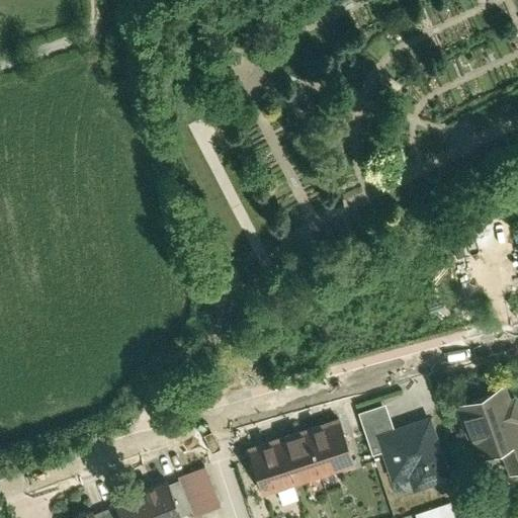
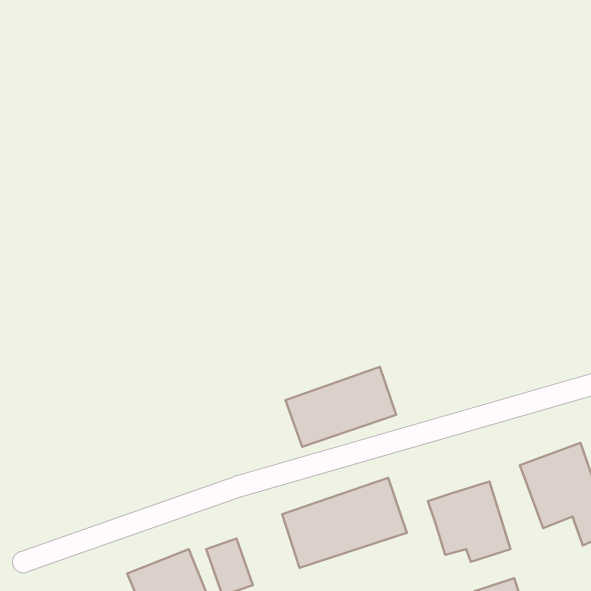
building: none -> [286,367,396,447]
building: [358,408,394,459] -> none

